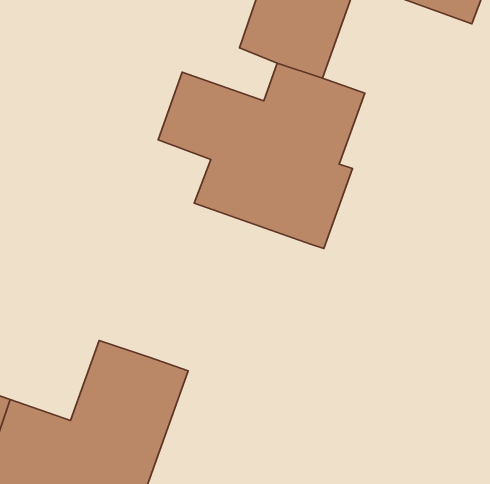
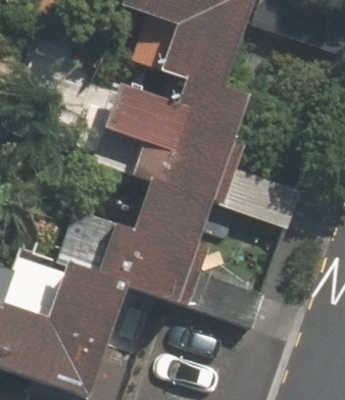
building: none -> [102,177,211,303]

